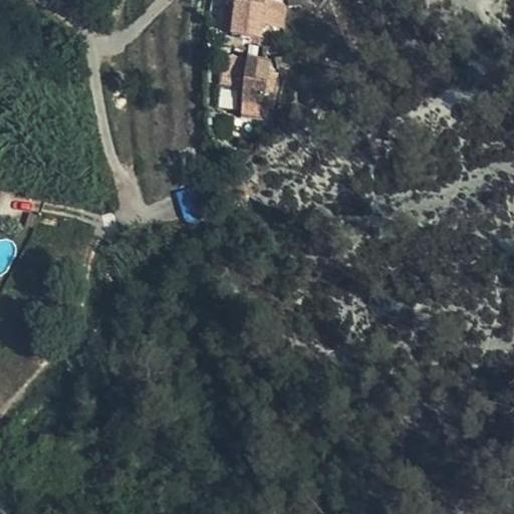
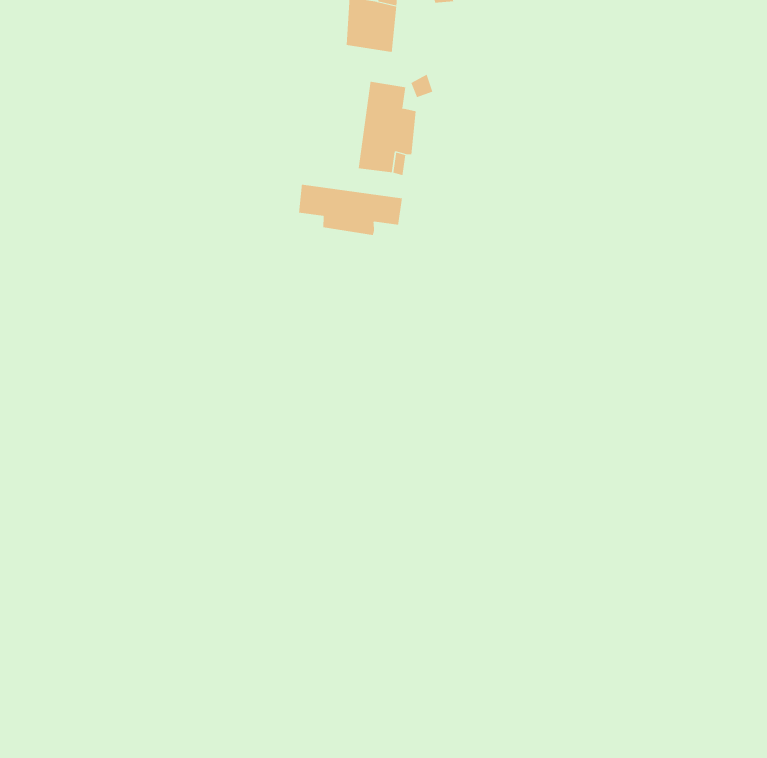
building: none -> [299,184,403,236]

